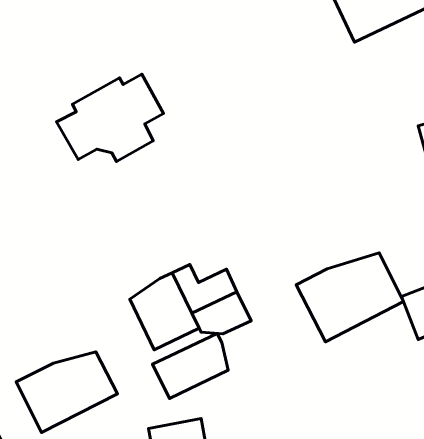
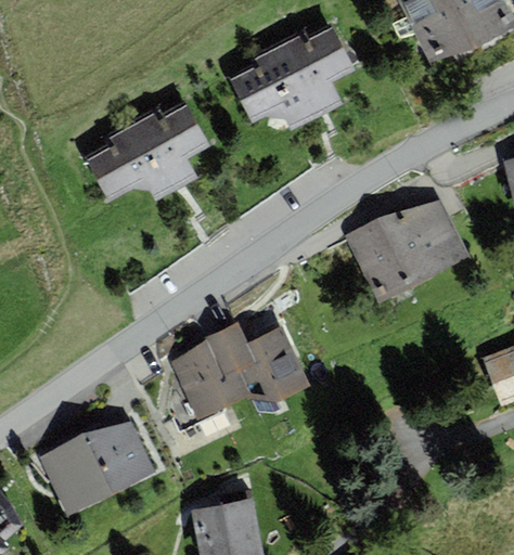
building: none -> [229,23,356,129]
building: [296,253,403,342] -> [346,199,470,302]
building: [153,333,228,398] -> none

